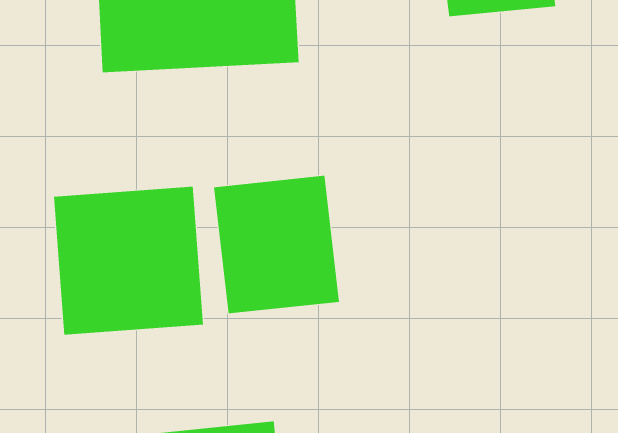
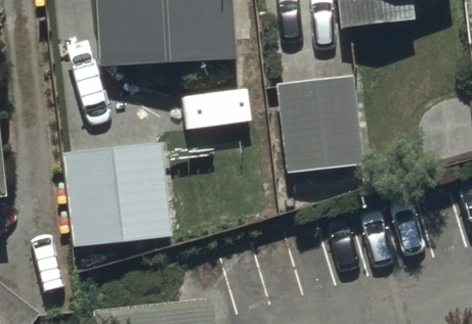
building: [213,175,340,314] -> [274,77,362,173]

